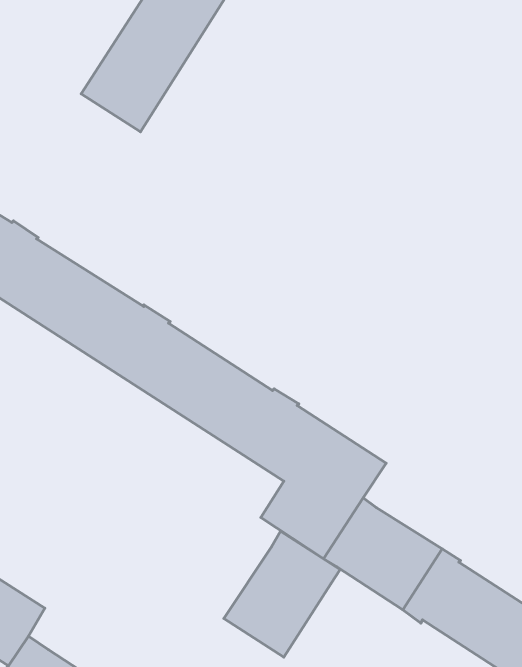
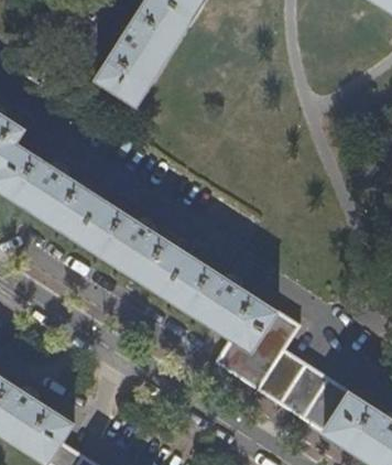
building: [224,531,340,657] -> none

